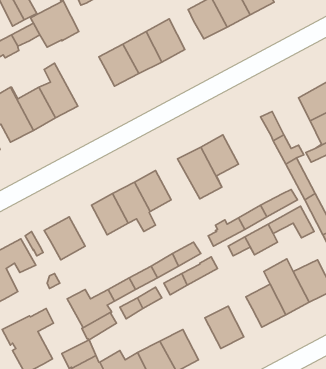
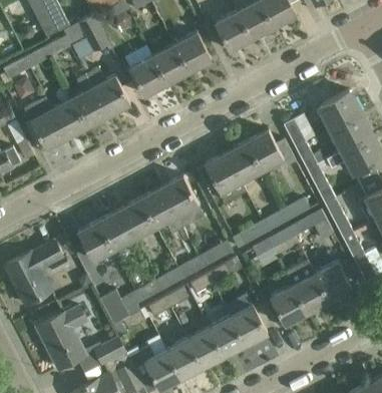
building: none -> [86,66,129,114]
building: none -> [247,130,283,169]
building: none -> [100,209,136,248]
building: none -> [209,316,245,356]

